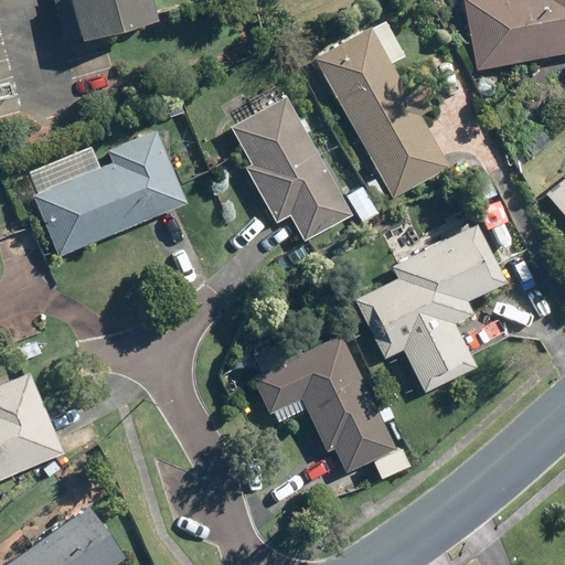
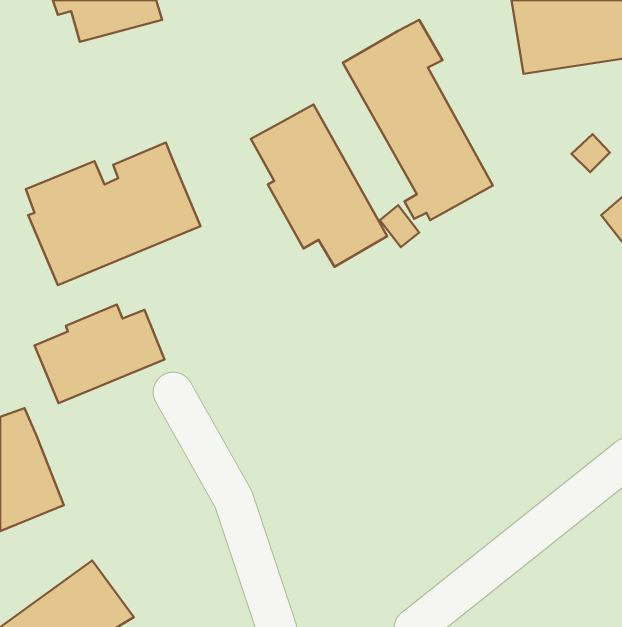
building: [355,224,504,390] -> none
building: none -> [34,304,164,403]
building: [249,333,393,469] -> none

